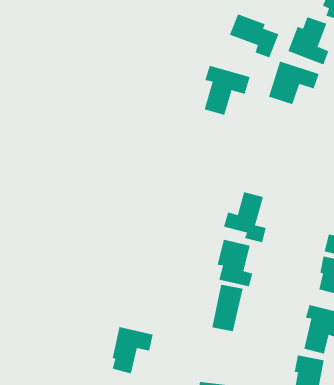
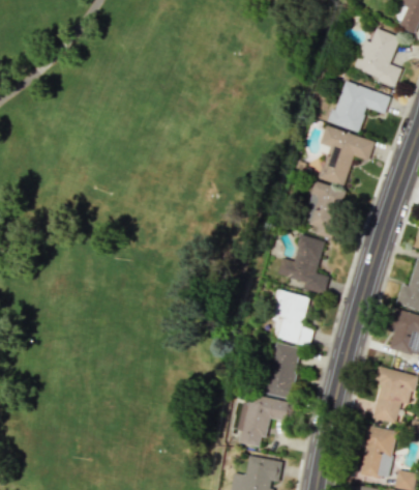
building: [229,13,279,58] -> none
building: [204,65,251,116] -> [320,126,375,185]
building: none -> [303,181,343,238]
building: [112,326,153,374] -> [239,393,288,449]

